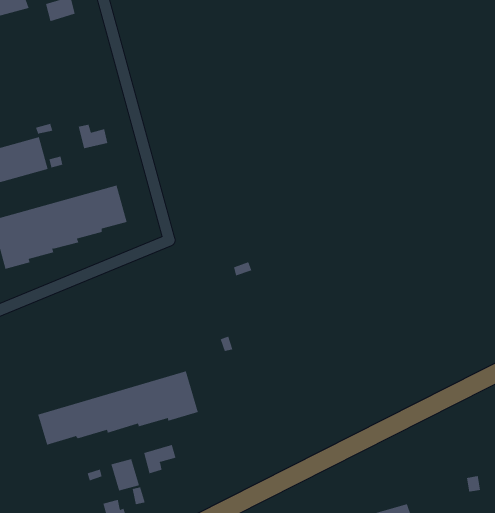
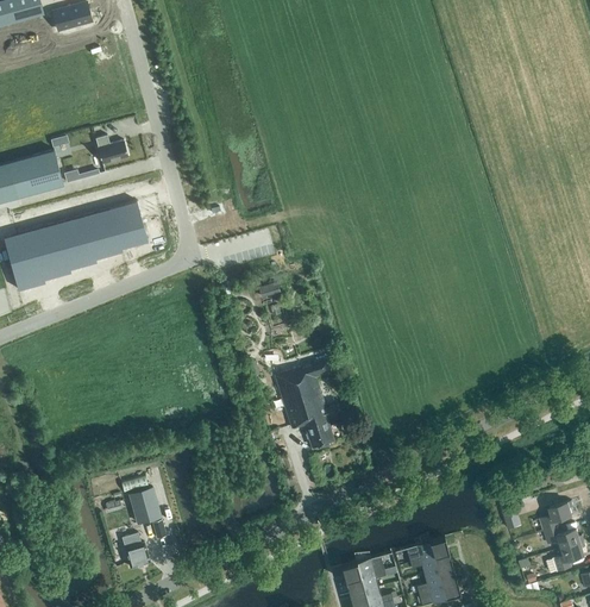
building: none -> [275,358,337,448]
building: [37,371,198,445] -> none
building: [143,444,176,474] -> none

